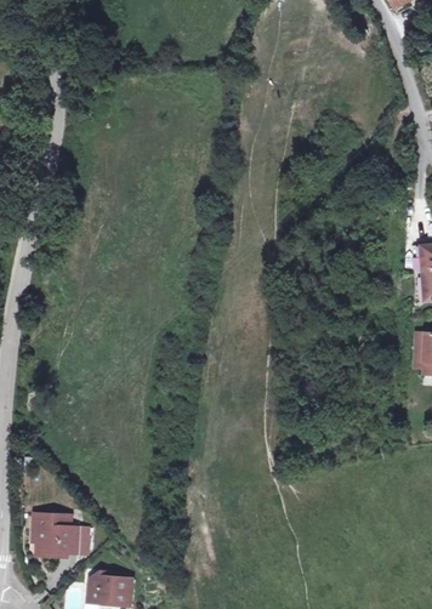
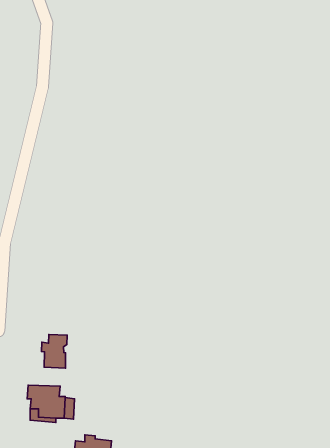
building: none -> [42,335,67,368]

